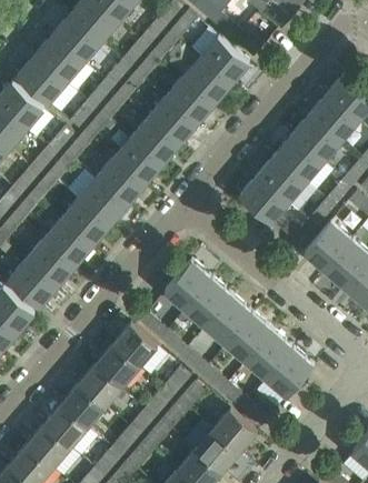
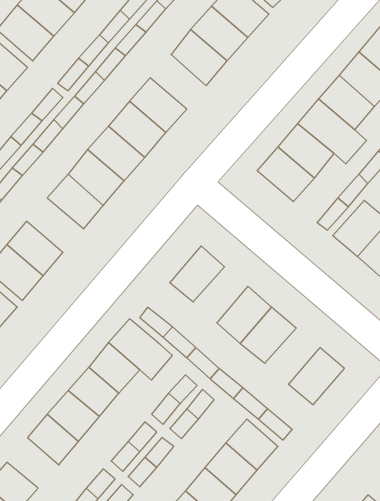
building: [148,98,196,144] -> none
building: [42,220,91,266] -> none
building: [185,279,231,326] -> none
building: [246,331,292,379] -> none
building: [26,424,70,467] -> none

